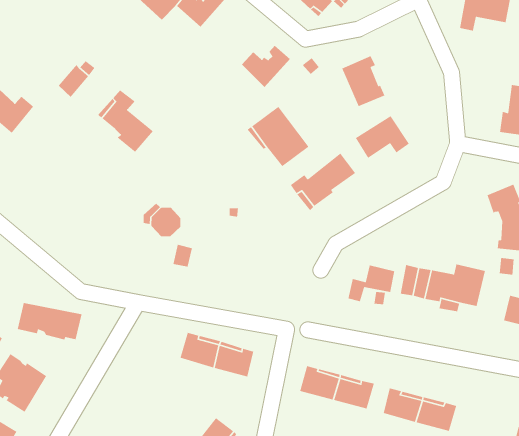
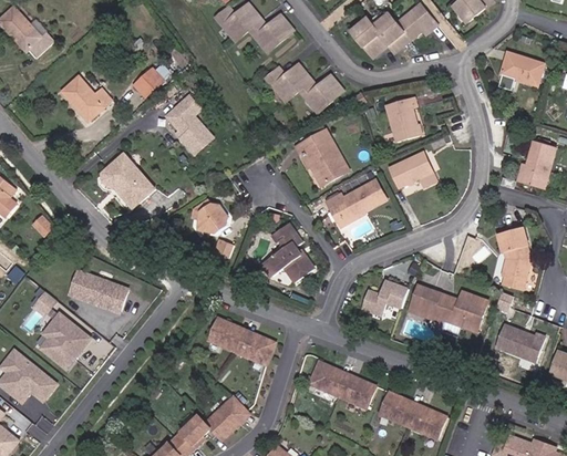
building: none -> [265,63,310,100]
building: none -> [104,154,156,208]
building: none -> [259,221,313,282]

